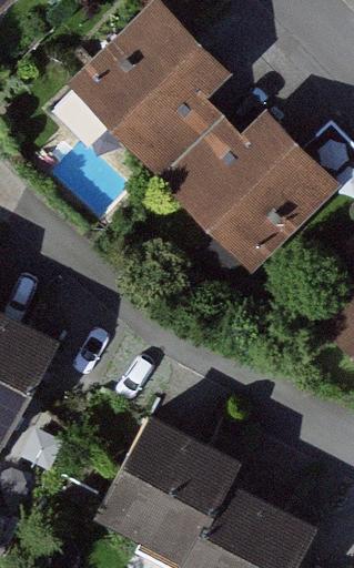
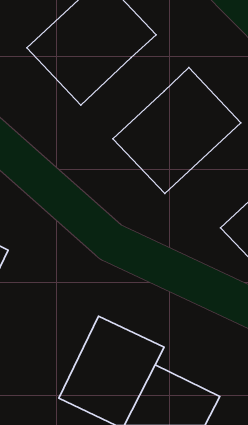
building: [138,100,242,202] -> none

